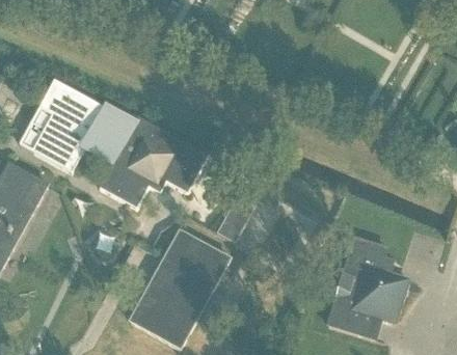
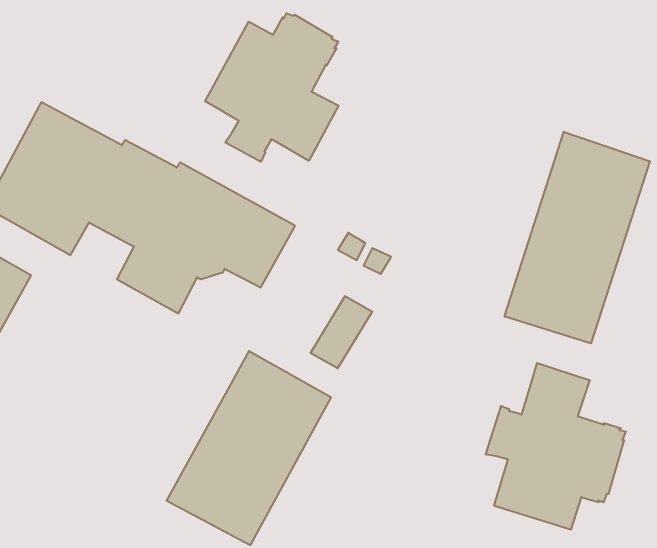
building: none -> [205,13,338,162]
building: none -> [505,132,650,343]

